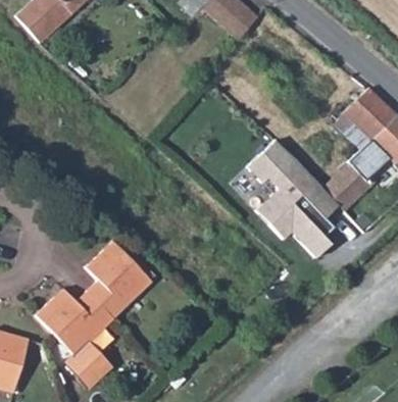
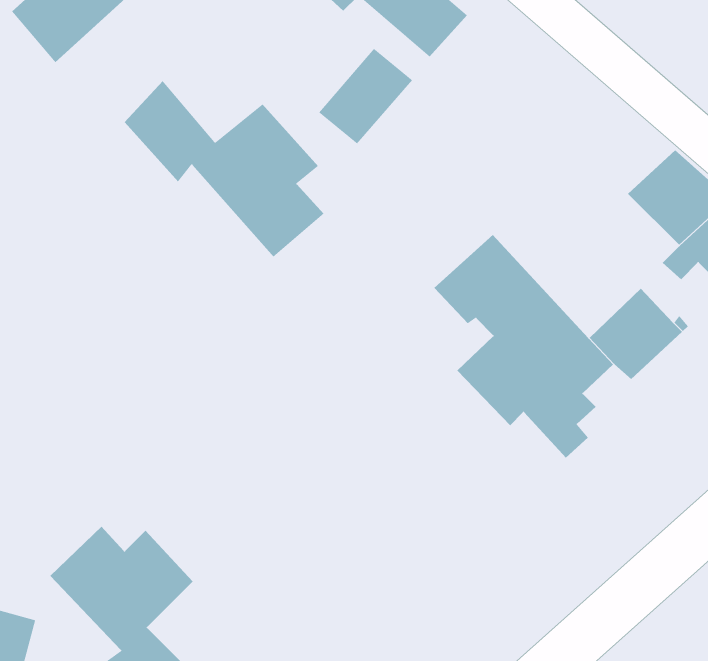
building: none -> [318,48,413,144]
building: none -> [124,80,324,258]
building: [86,241,152,318] -> none

